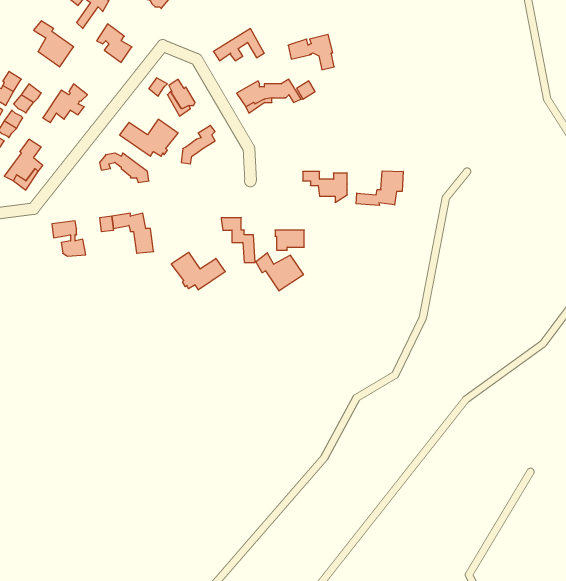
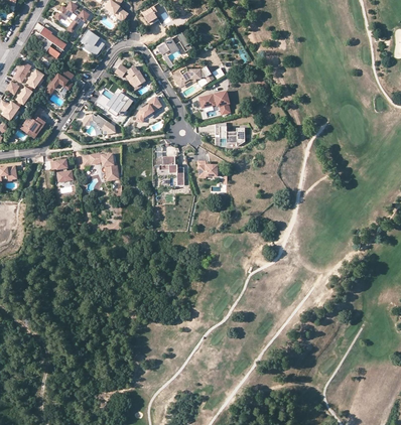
building: [288,34,334,70] -> [199,91,230,114]
building: [356,171,403,205] -> none
building: [171,252,225,290] -> none
building: [256,253,303,291] -> none

